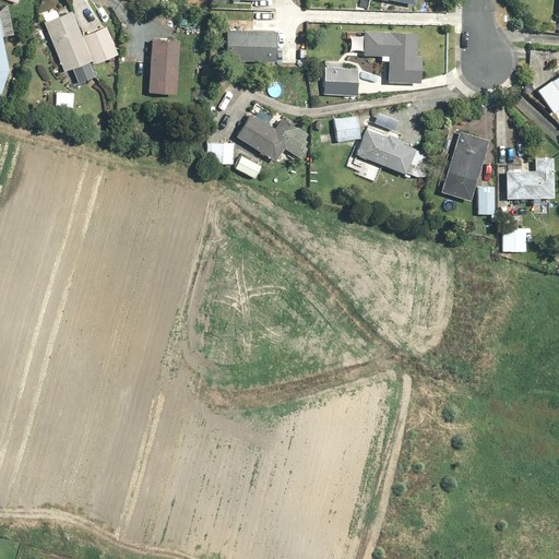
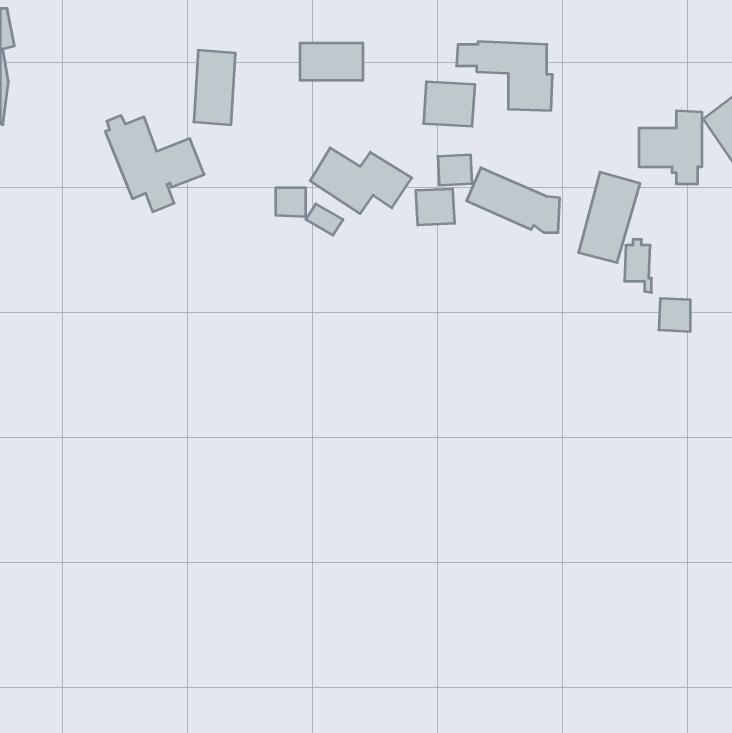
building: [43,10,118,83] -> [105,116,204,212]
building: none -> [416,189,454,225]
building: [506,157,554,213] -> [639,111,702,184]

